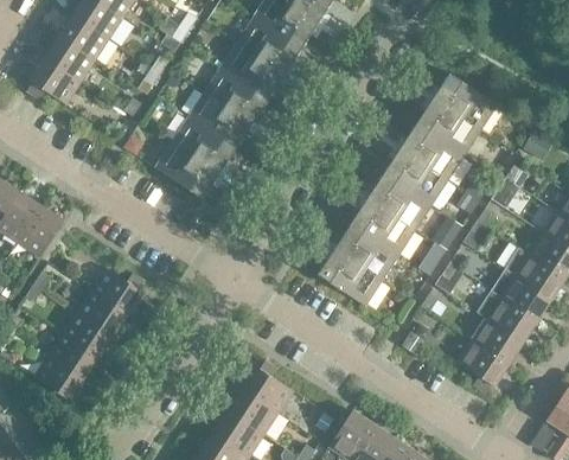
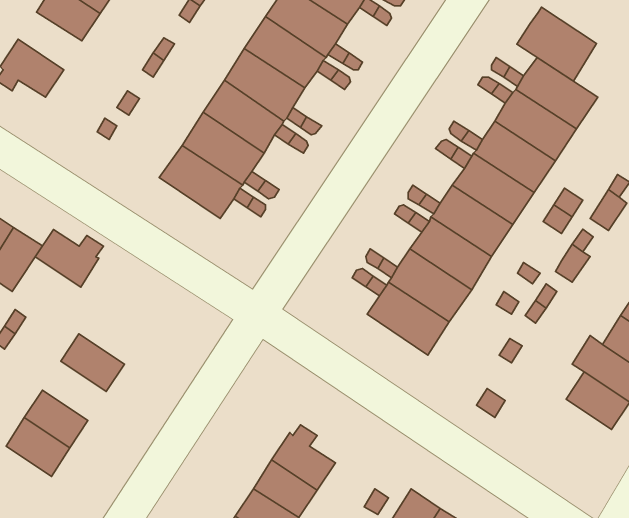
building: none -> [517,7,596,81]
building: [44,38,94,83] -> none
building: [91,268,145,313] -> [35,229,103,287]
building: [63,311,113,357] -> none
building: [458,340,507,392] -> none

